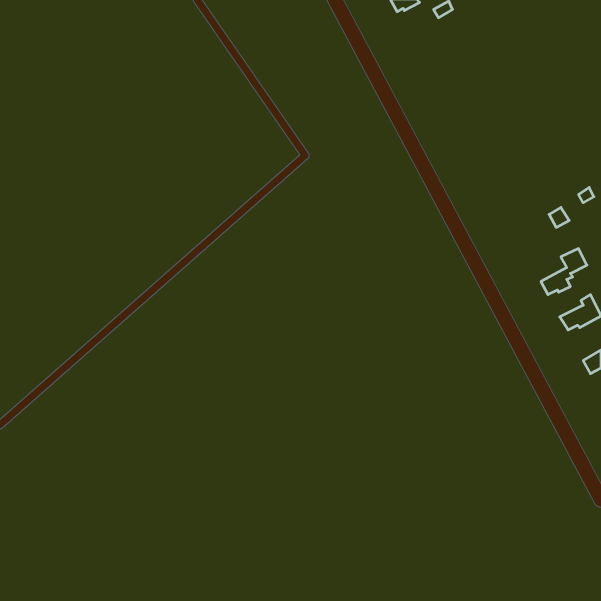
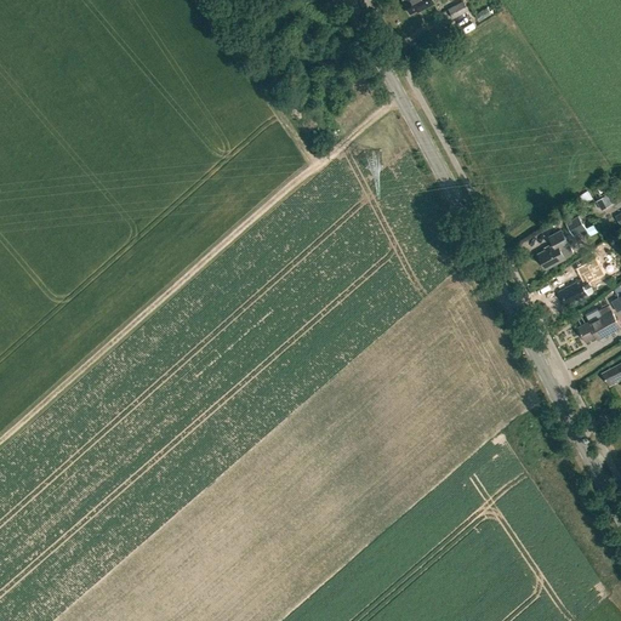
building: none -> [536,228,572,267]

